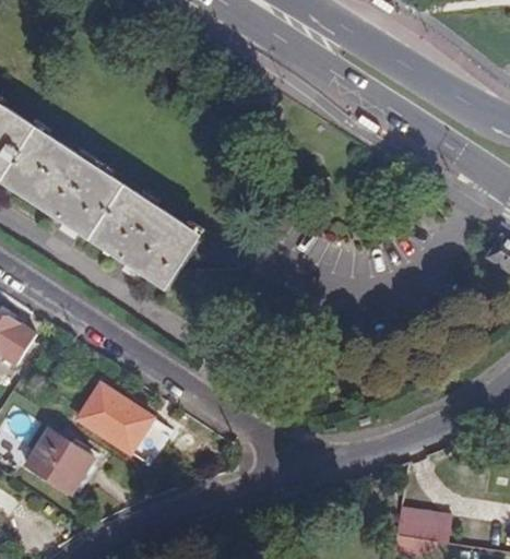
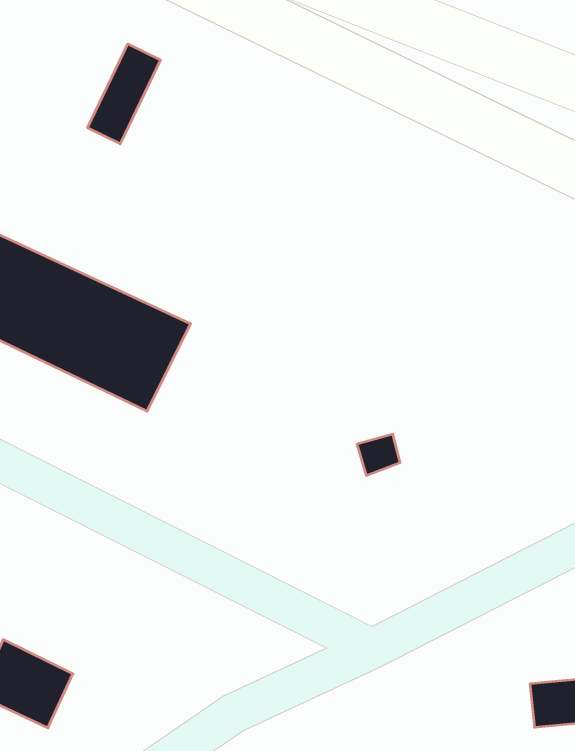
building: none -> [88,44,160,144]
building: [78,386,151,454] -> none

